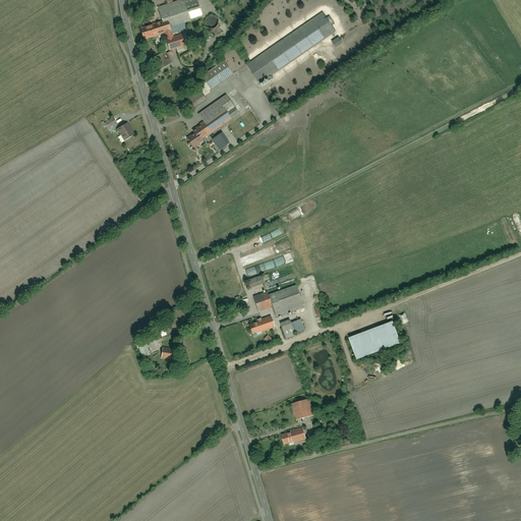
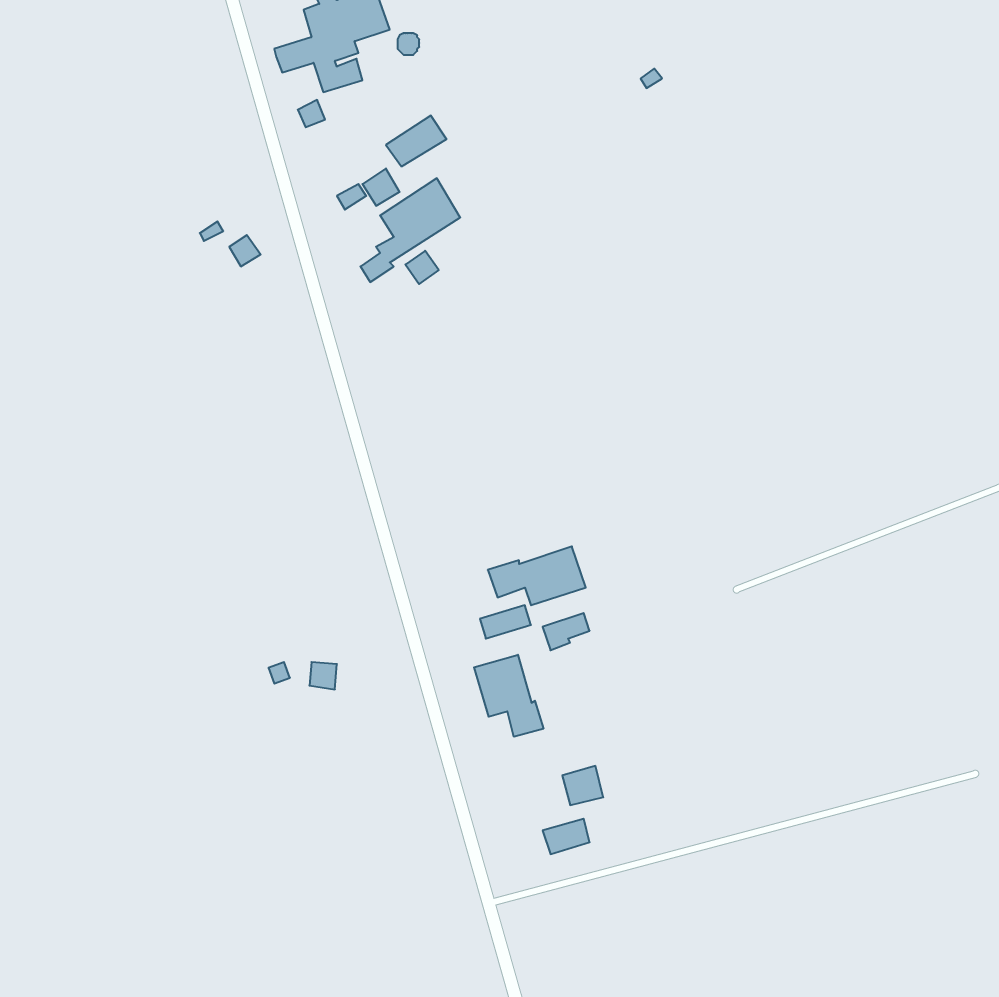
building: [248,10,336,80] -> none
building: [349,322,400,358] -> none
building: none -> [474,655,543,737]

